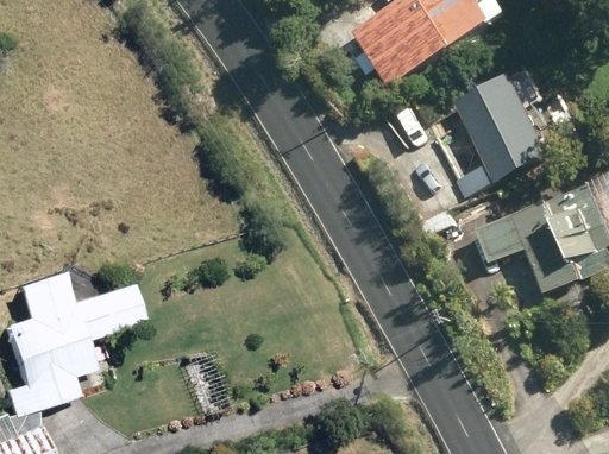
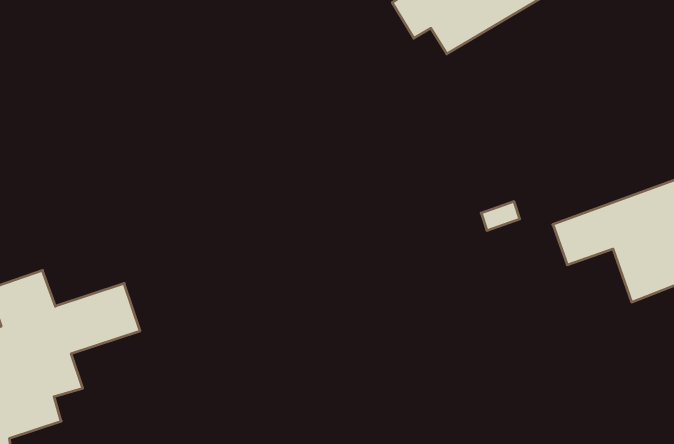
building: [456,75,552,182] -> none

